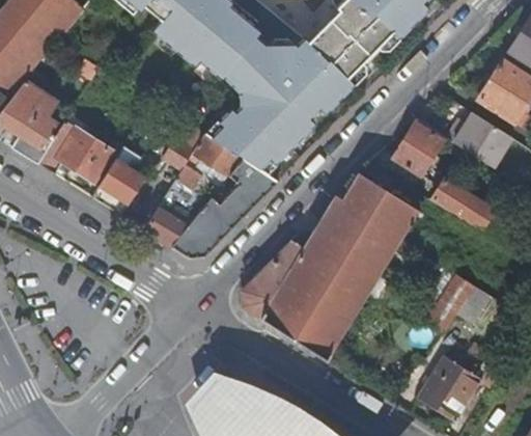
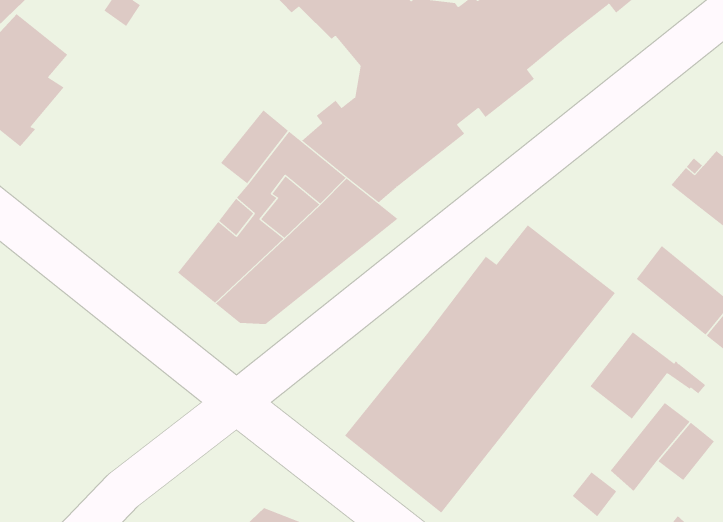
building: [37,119,113,182] -> none
building: [391,121,464,176] -> [589,331,706,420]
building: [91,140,145,215] -> none
building: [242,241,304,319] -> none

